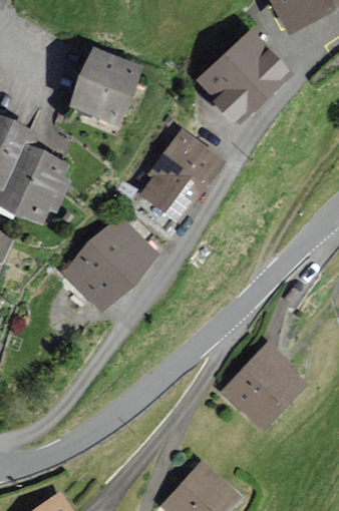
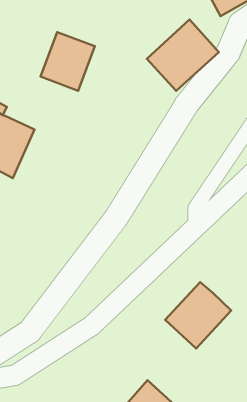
building: [142,131,220,219] -> none
building: [66,220,152,307] -> none

